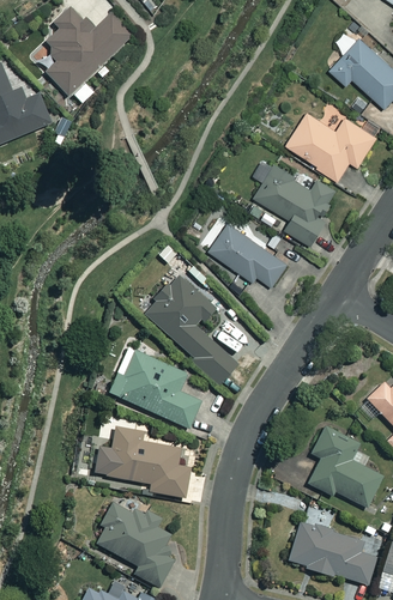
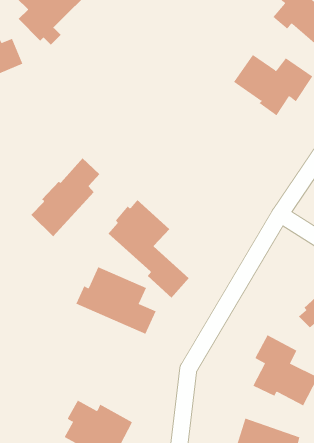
building: [253,162,338,246] -> none
building: [208,223,290,287] -> none
building: none -> [31,158,100,237]
building: [93,426,193,497] -> none

